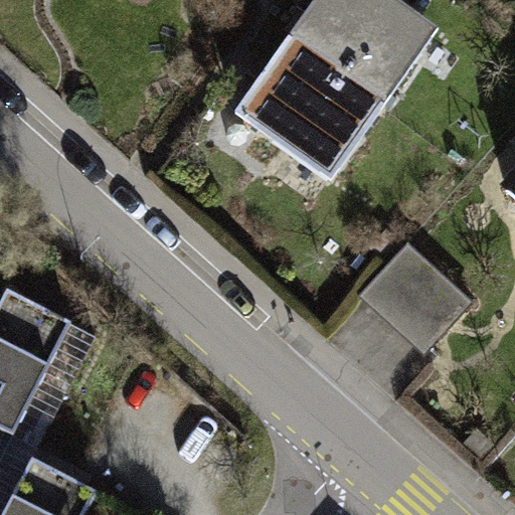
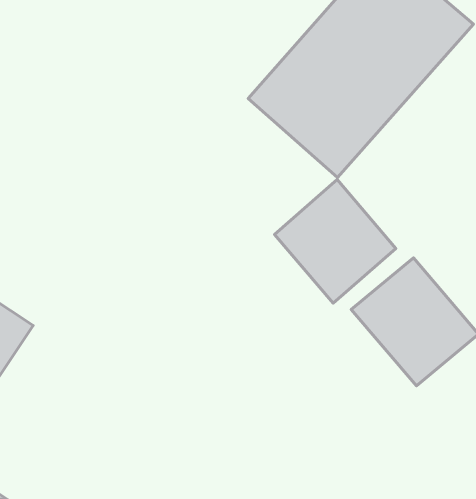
building: none -> [275,180,396,303]

